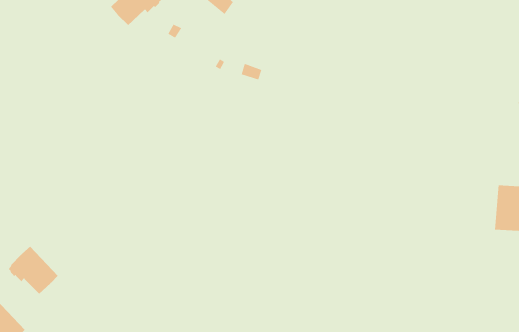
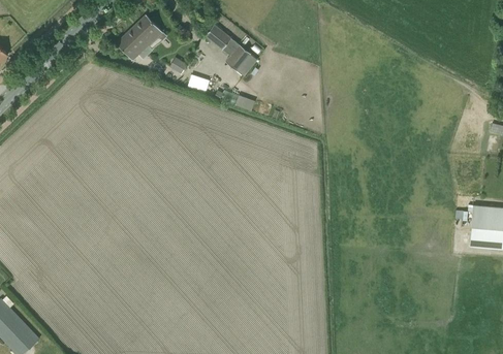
building: none -> [225,44,257,76]
building: [8,246,58,295] -> none

